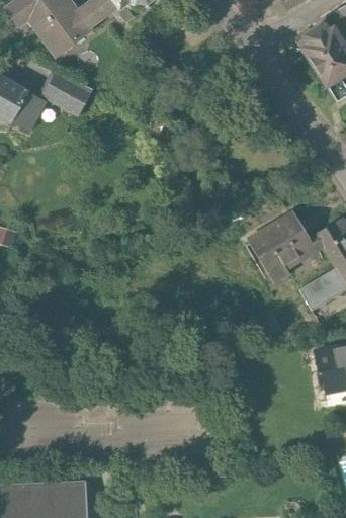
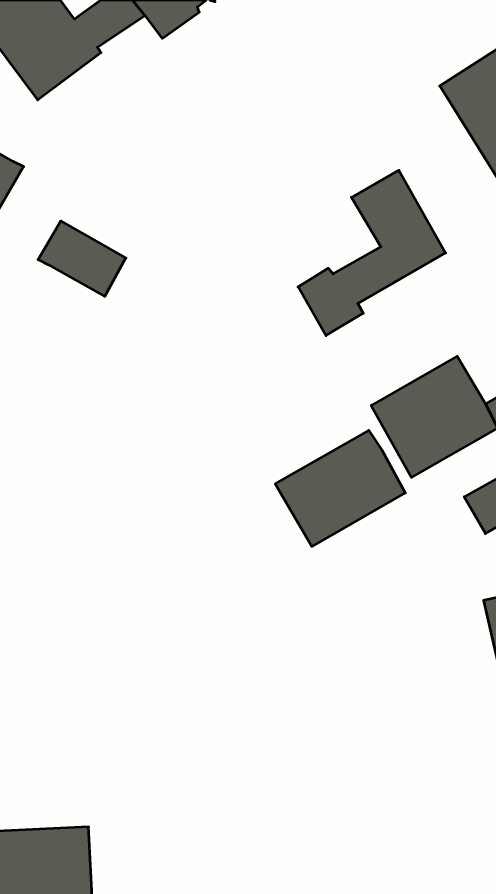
building: [40,72,91,115] -> [38,221,126,296]
building: none -> [298,170,446,336]
building: none -> [275,430,405,546]

